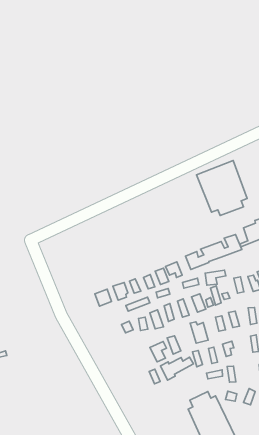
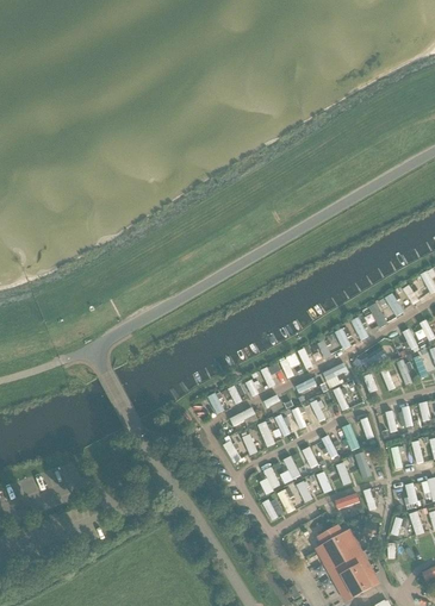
building: [197,161,247,216] -> none

